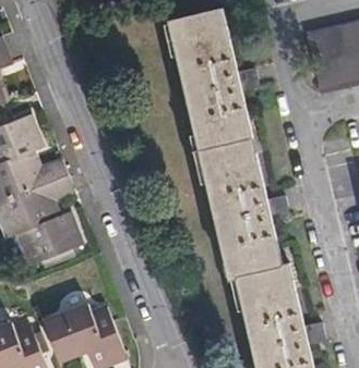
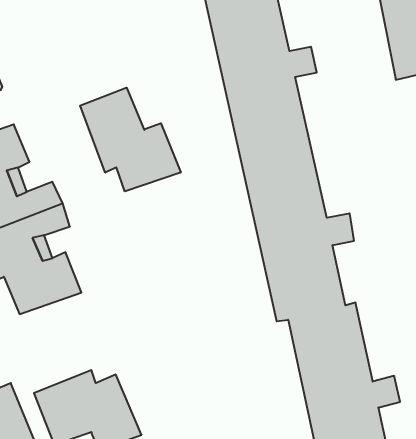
building: none -> [80,88,181,191]

